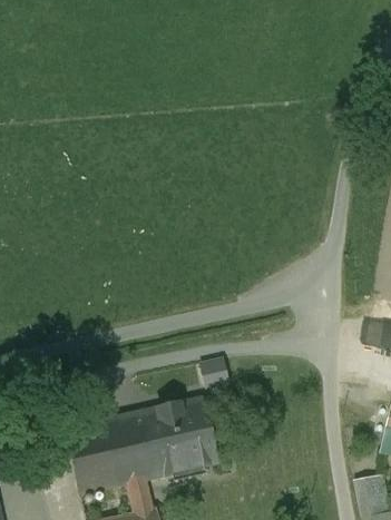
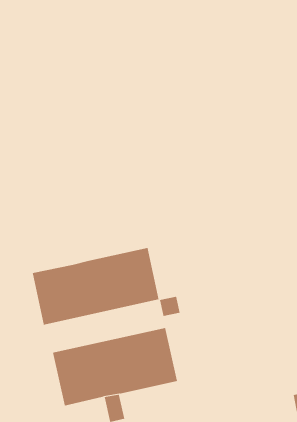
building: none -> [32,247,159,325]

